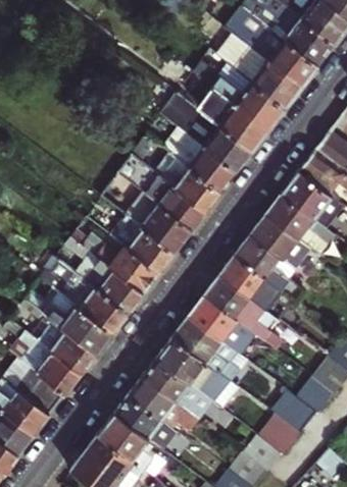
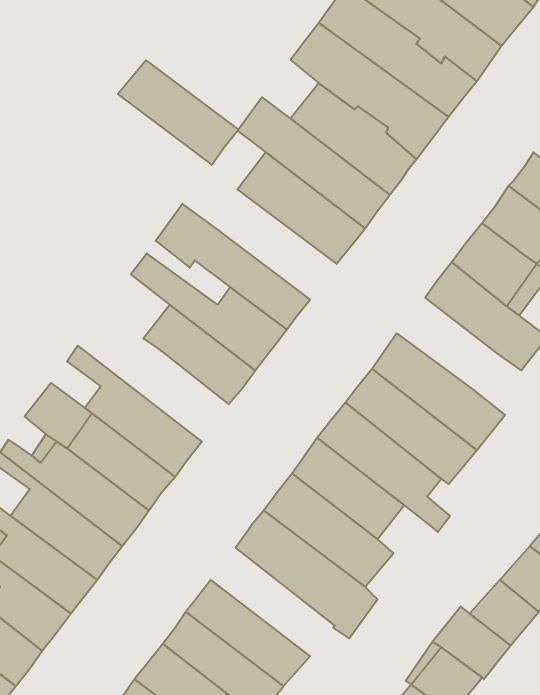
building: [149,153,218,213] -> [118,60,238,165]
building: [253,212,310,264] -> none
building: [69,231,156,294] -> none
building: [146,356,217,418] -> none

